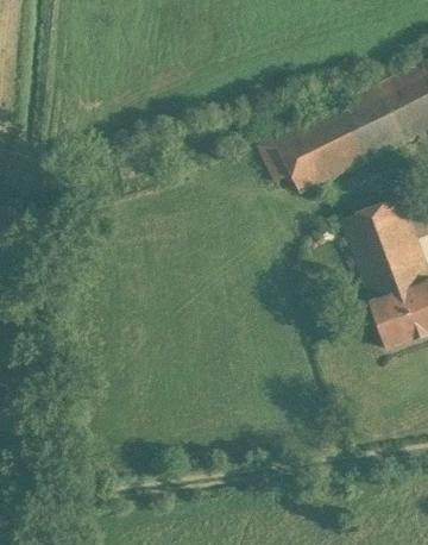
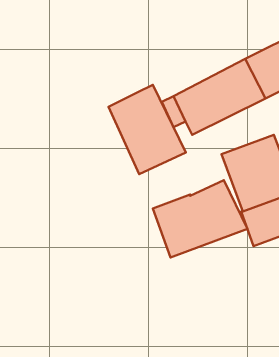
building: none -> [108,85,186,174]
building: none -> [153,180,247,257]

